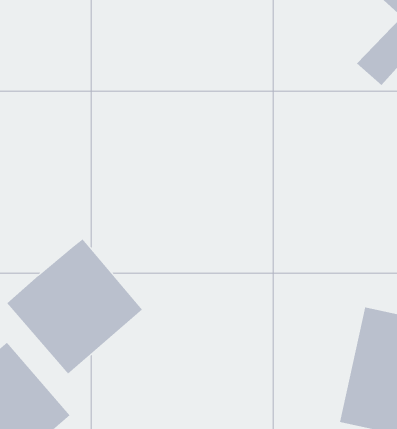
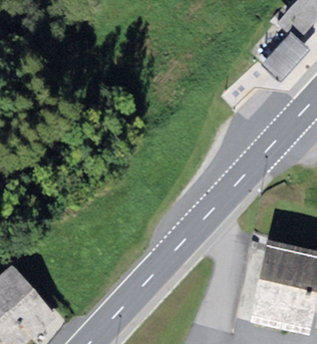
building: [7,239,143,375] -> none

